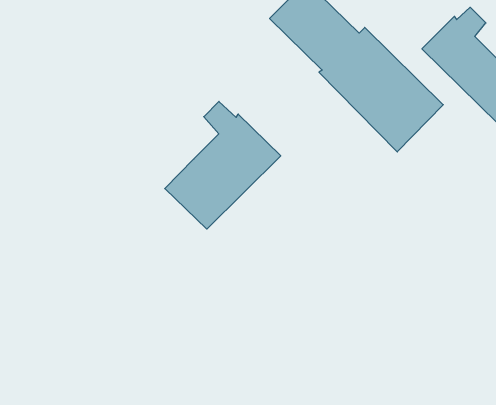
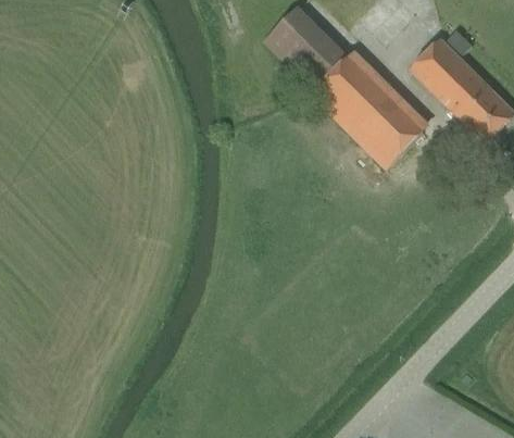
building: [165,101,281,229] -> none

